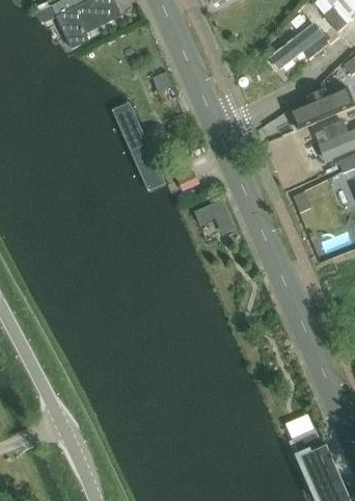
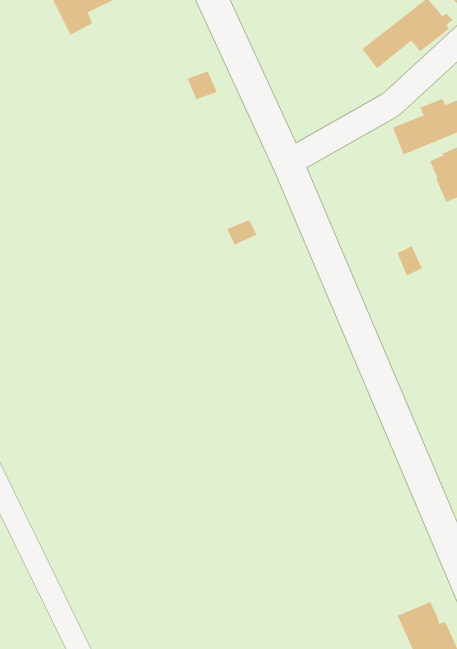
building: [111,99,163,187] -> none
building: [195,201,234,233] -> none

